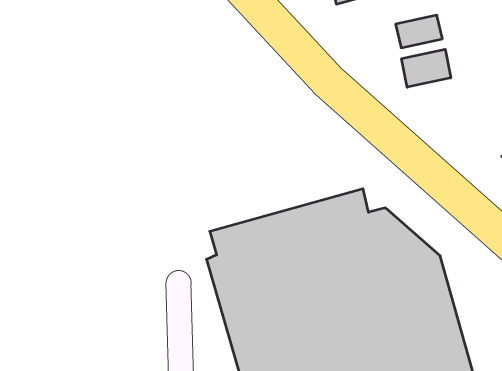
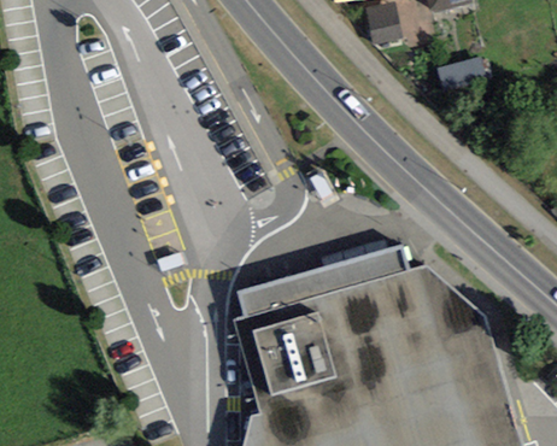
building: [402,49,451,87] -> none

